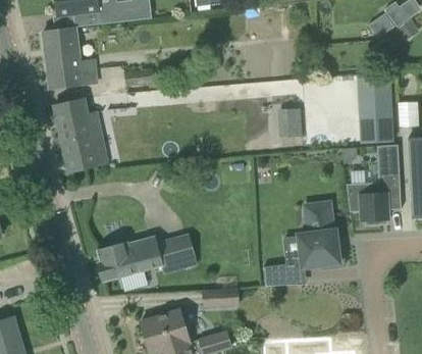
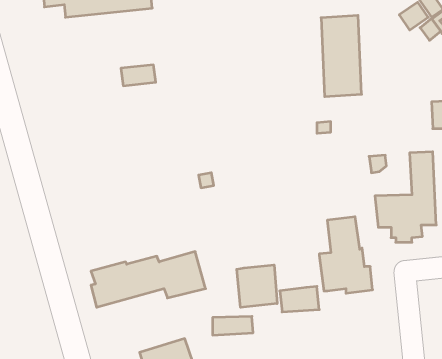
building: [43,28,97,89] -> none
building: [358,70,393,142] -> [321,15,362,97]
building: [53,98,107,171] -> none
building: none -> [237,265,277,307]

